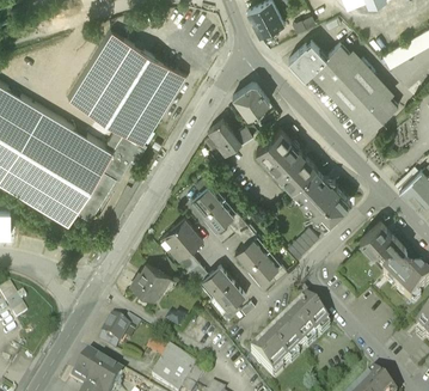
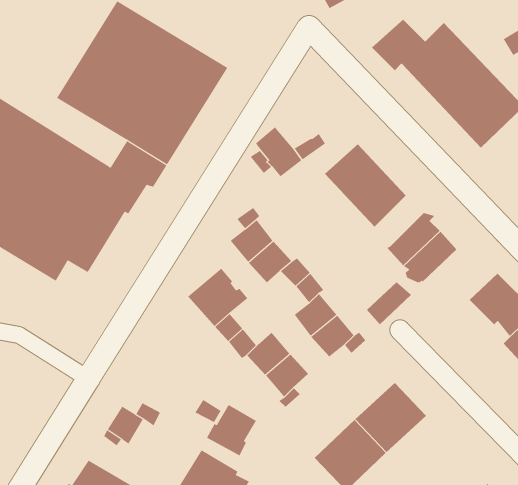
building: [229,81,270,116] -> none
building: [292,166,327,202] -> none
building: [130,262,166,299] -> [206,404,257,456]

